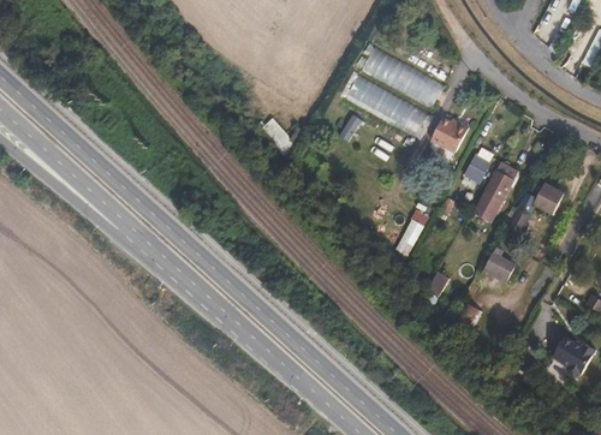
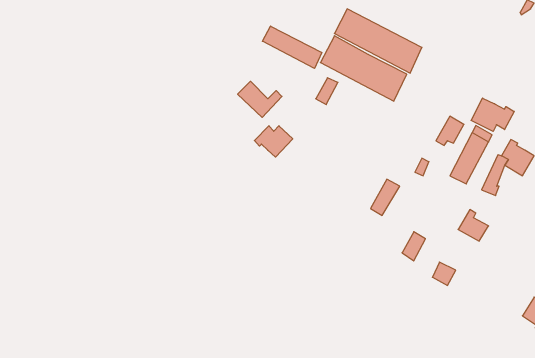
building: none -> [262,26,322,68]
building: [427,121,465,159] -> none
building: none -> [471,98,514,131]
building: none -> [254,126,293,157]

